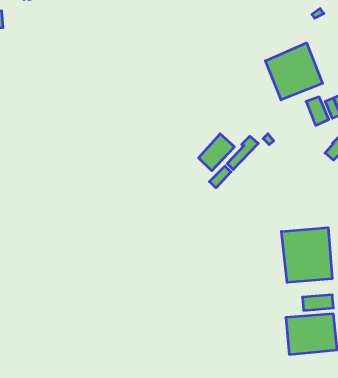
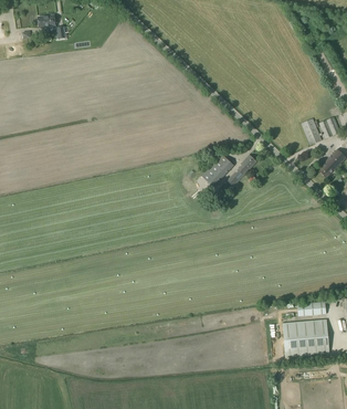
building: [265,43,323,100] -> none
building: [281,228,332,282] -> none

